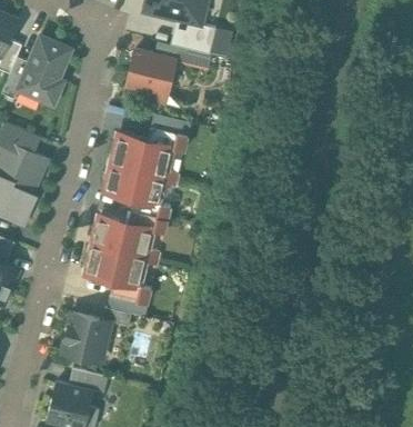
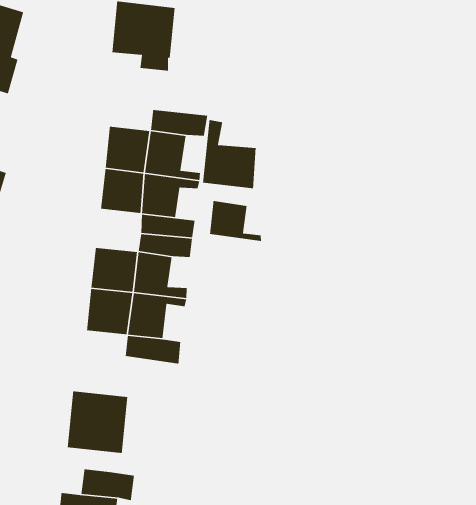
building: none -> [202,119,257,189]
building: none -> [209,200,262,242]

